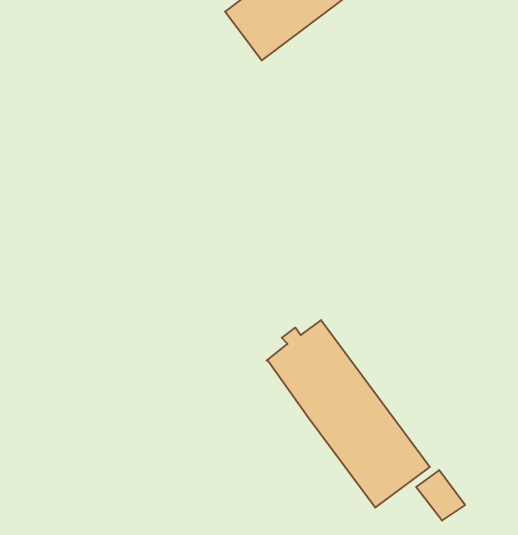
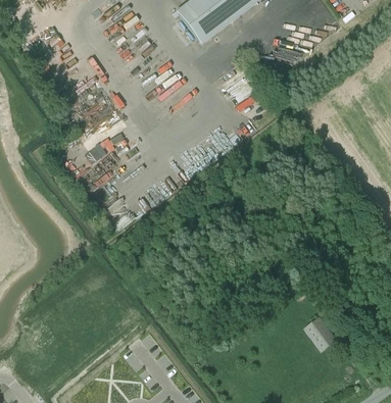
building: [267,320,430,508] -> none

